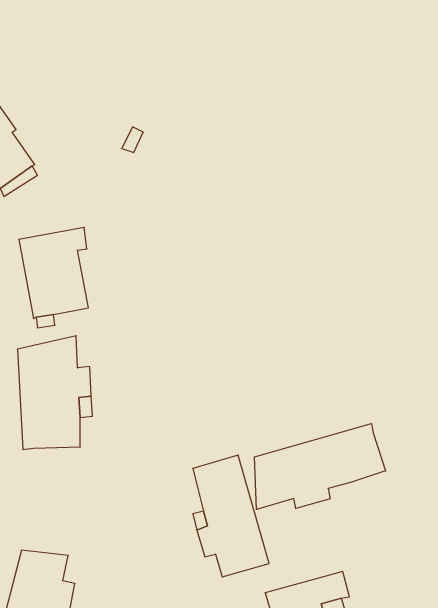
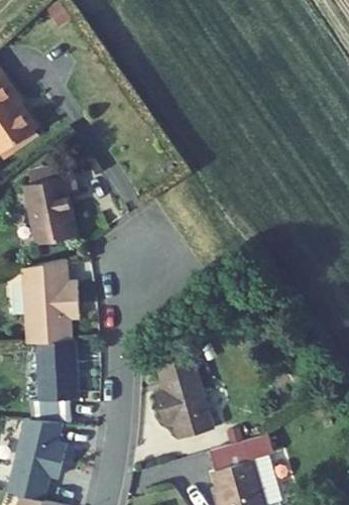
building: [254,424,386,509] -> none
building: none -> [28,341,78,421]

